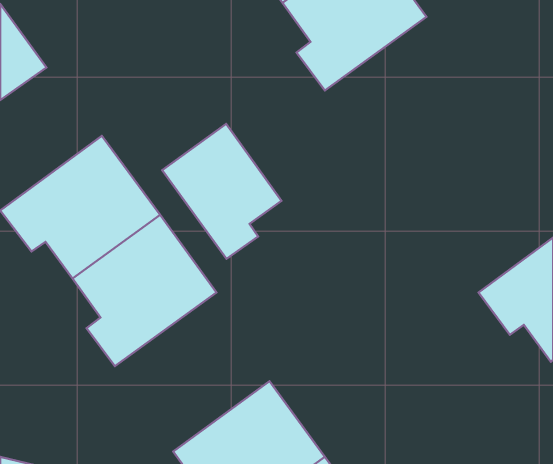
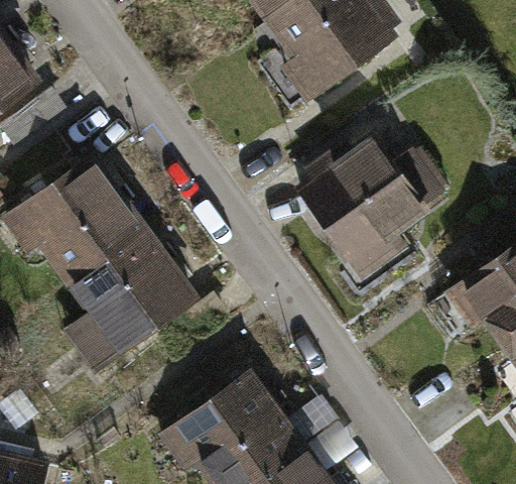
building: none -> [293,104,448,280]
building: [162,124,281,259] -> none

